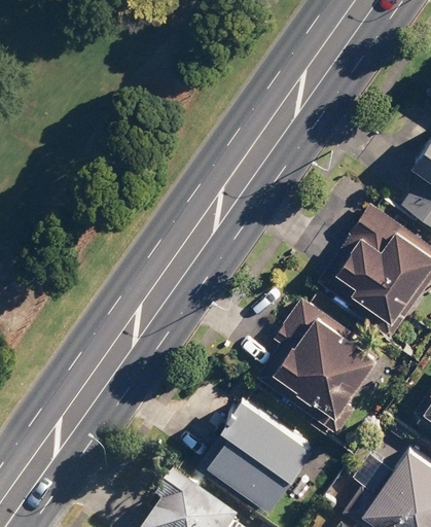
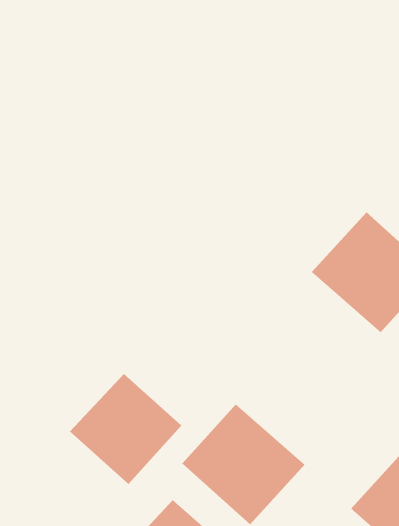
building: [271,304,388,420] -> none
building: none -> [69,373,182,485]

